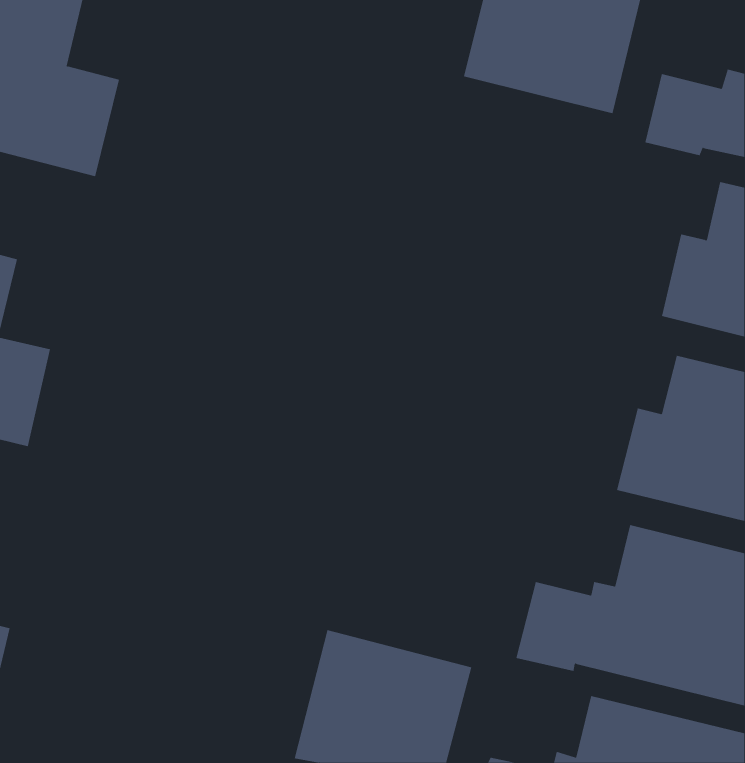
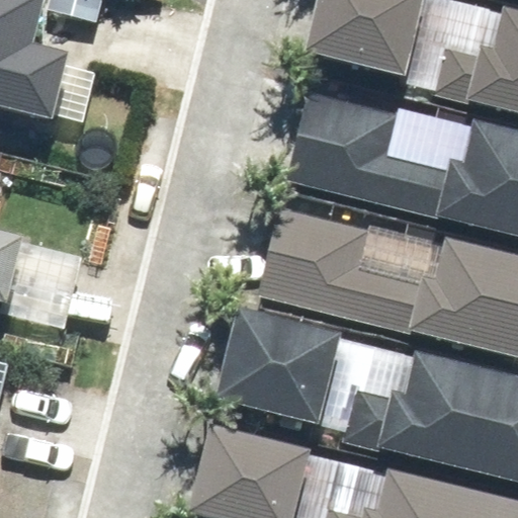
building: none -> [286,95,449,219]
building: none -> [258,209,421,332]
building: none -> [227,308,350,423]

